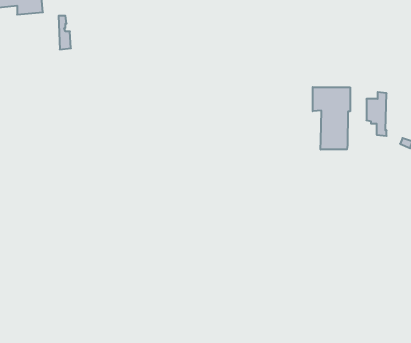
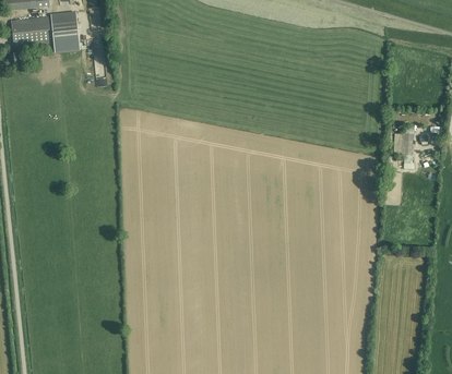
building: [313,87,350,150] -> none

